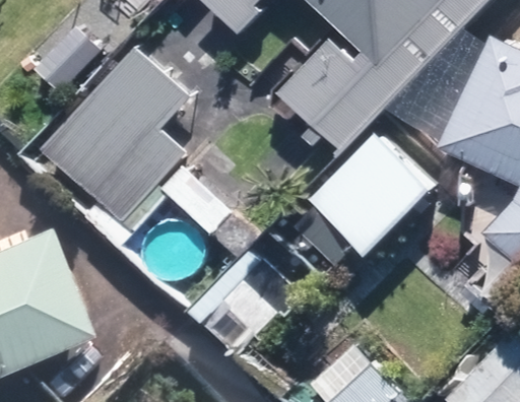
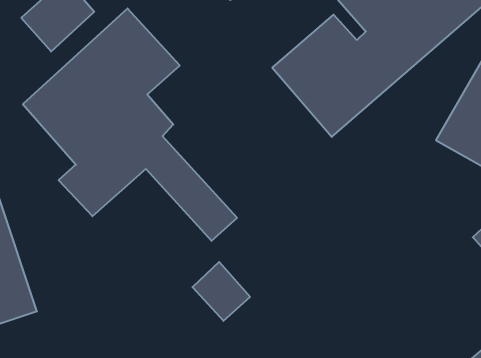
building: [294,132,433,264] -> none

